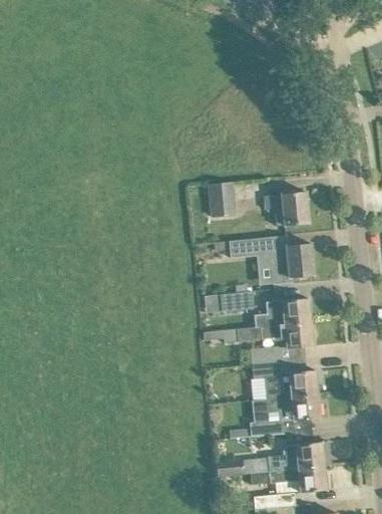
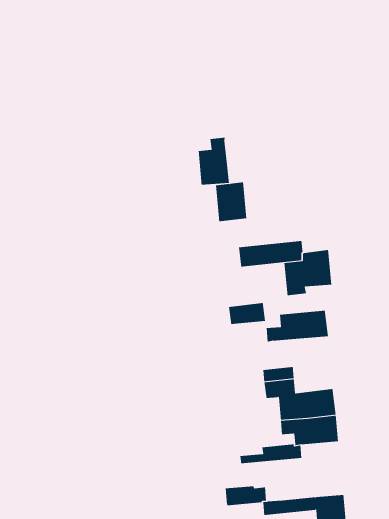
building: none -> [198,137,230,186]
building: [263,192,308,226] -> none
building: [222,322,312,348] -> none
building: [267,441,330,471] -> none

